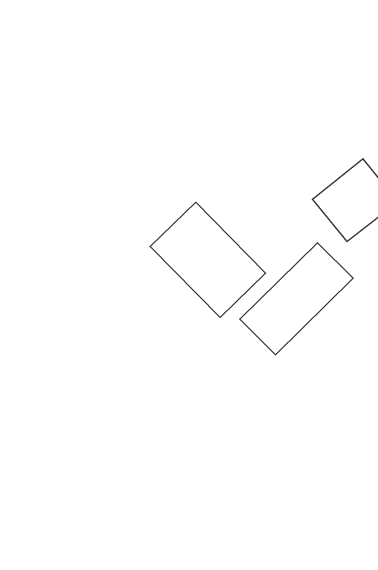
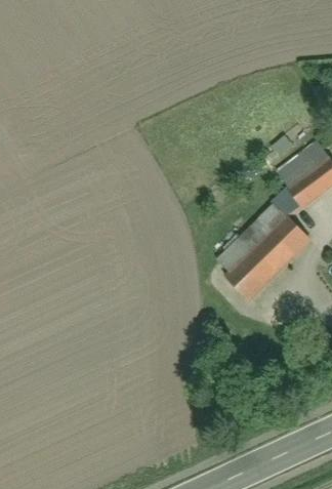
building: [150,202,266,317] -> none

